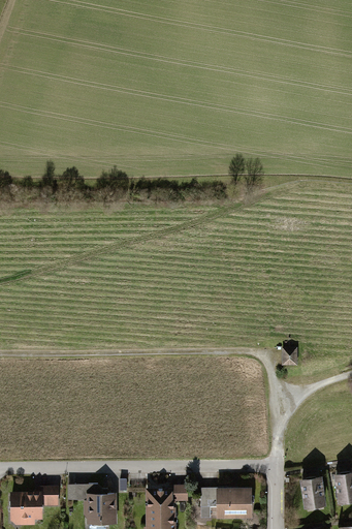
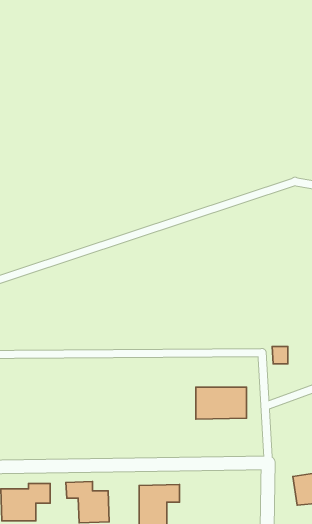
building: [201,488,252,520] -> [196,387,247,419]

